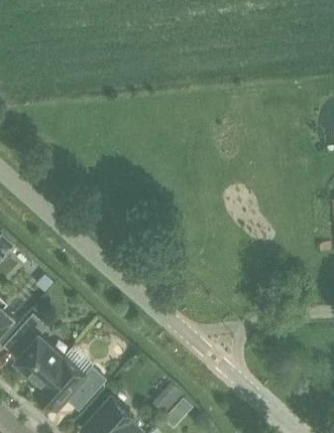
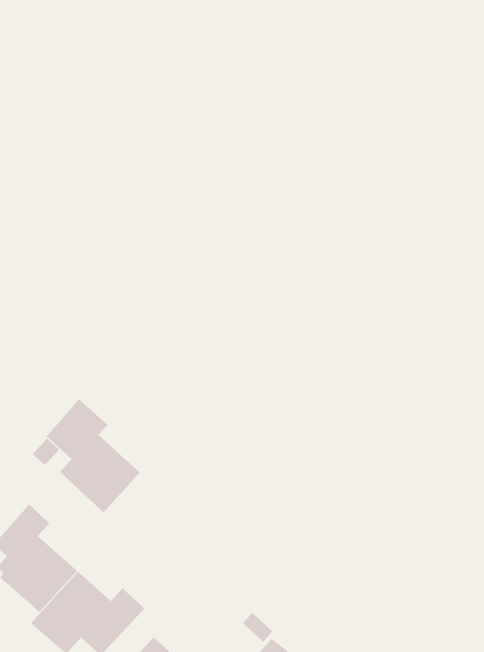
building: none -> [46,398,141,513]

